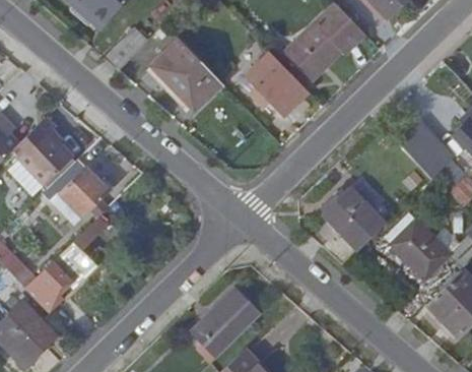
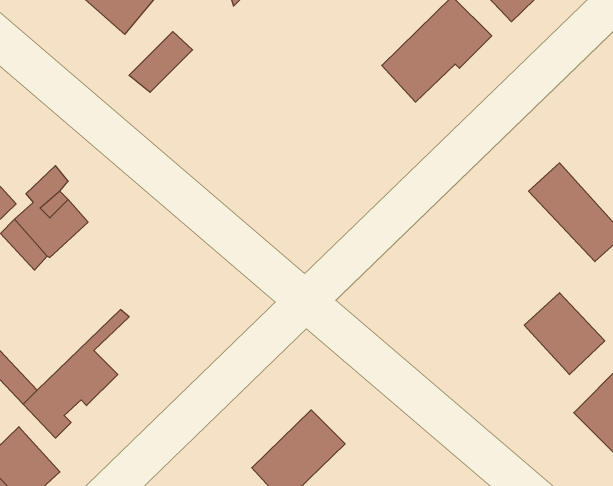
building: [152,37,223,109] -> none
building: [245,40,309,116] -> none
building: [52,165,116,224] -> none
building: [320,180,384,246] -> none

